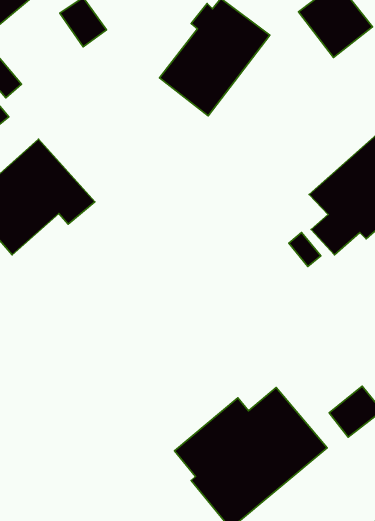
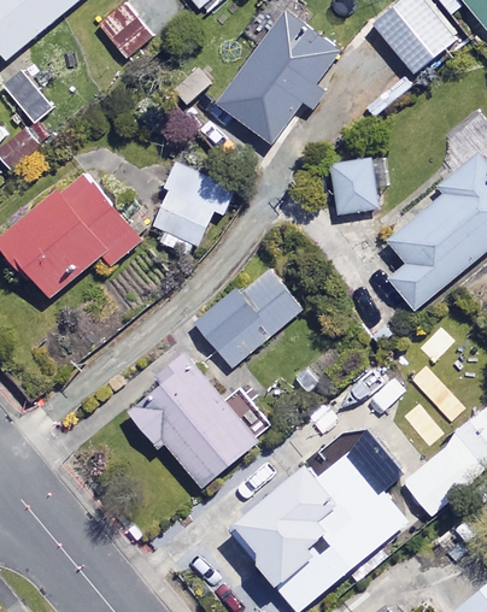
building: none -> [152,159,234,260]
building: none -> [330,159,379,216]
building: none -> [194,265,304,369]
building: none -> [128,361,270,486]

